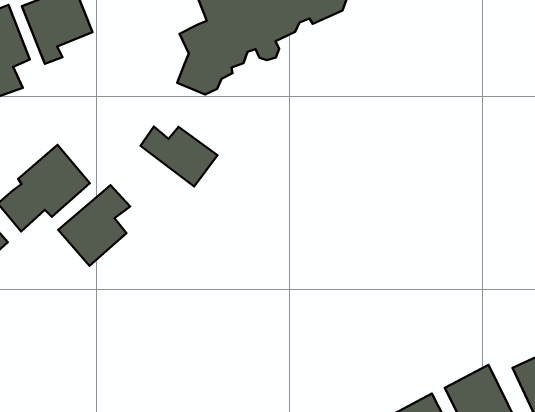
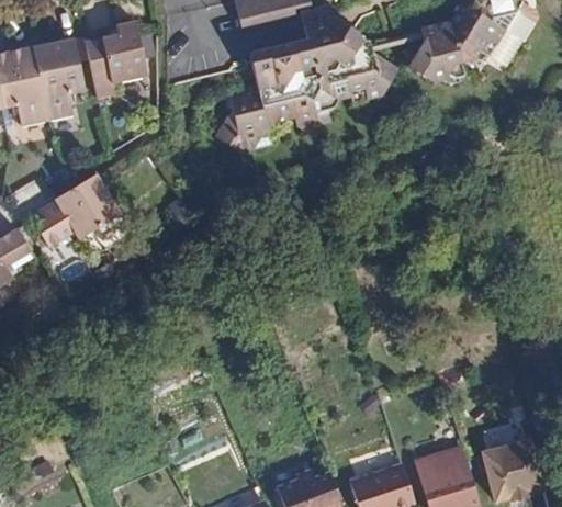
building: [141,127,217,187] -> none
building: [58,185,130,266] -> none

